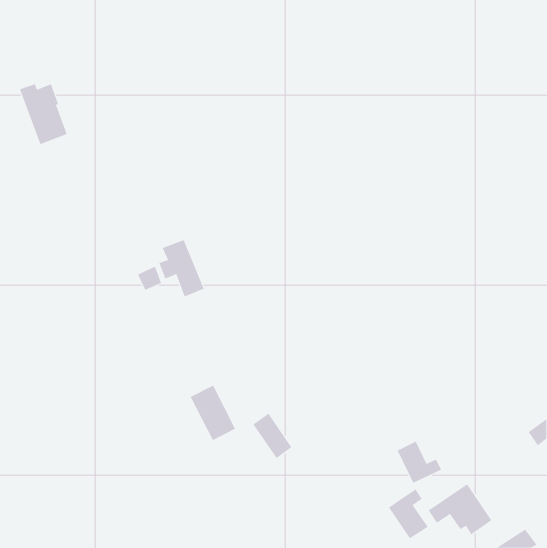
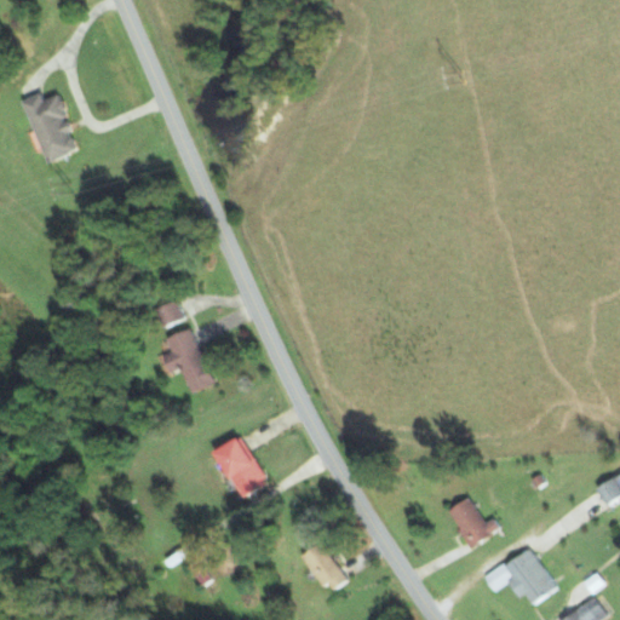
building: [159,239,205,297] -> [161,329,213,395]
building: [253,413,292,459] -> [302,541,346,593]
building: [388,489,428,539] -> none

